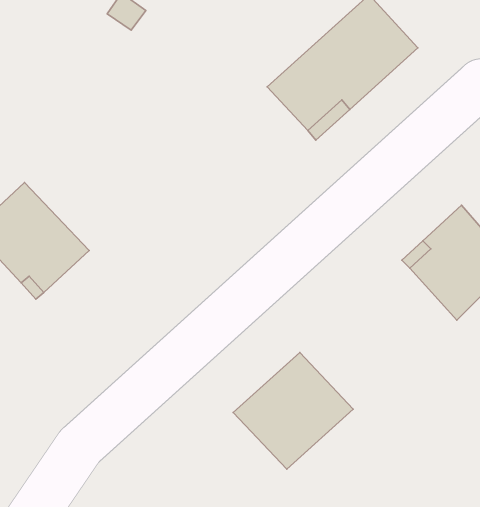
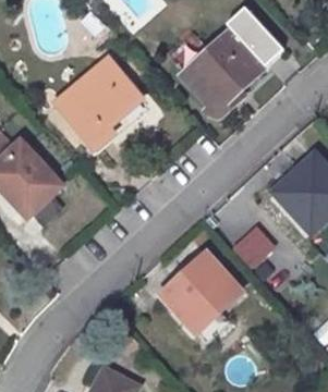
building: none -> [54,58,141,147]
building: none -> [232,225,275,268]

